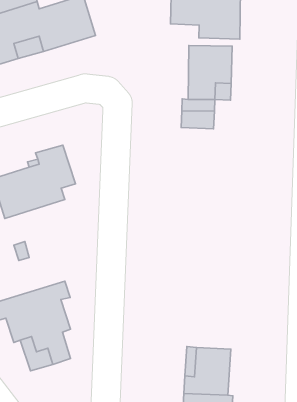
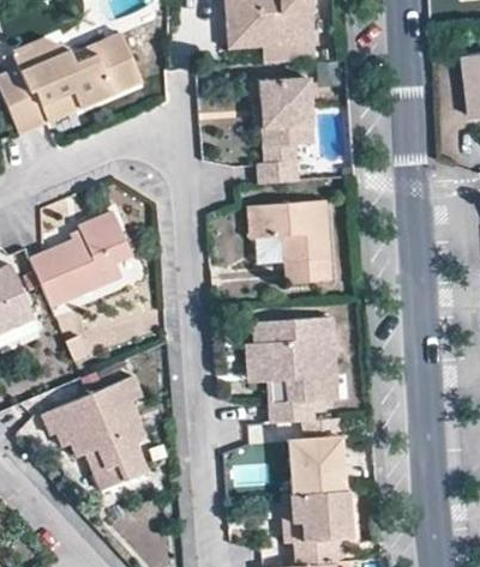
building: none -> [253,204,335,286]
building: none -> [251,324,347,430]

